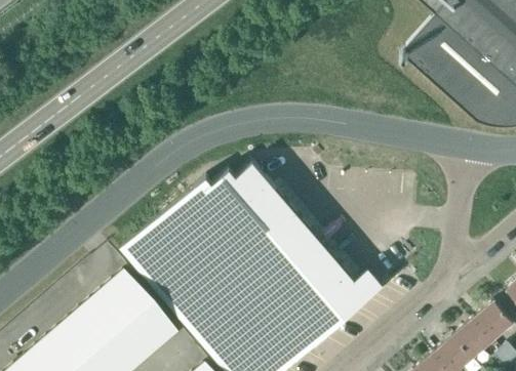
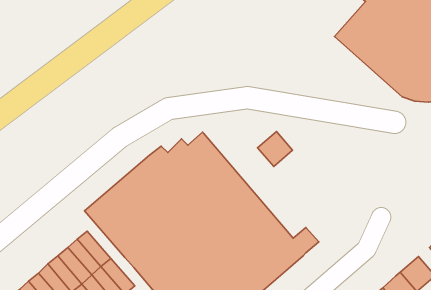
building: none -> [258,132,292,166]

